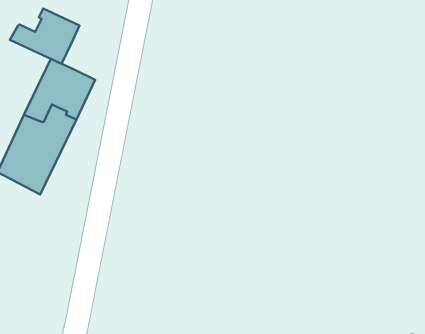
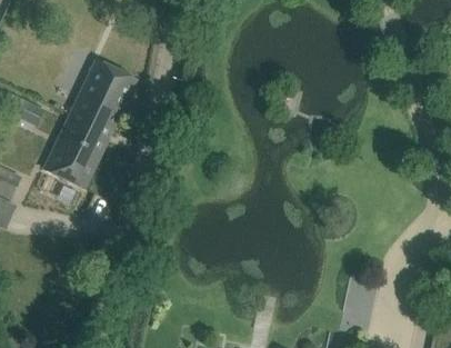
building: [10,8,79,64] -> none

